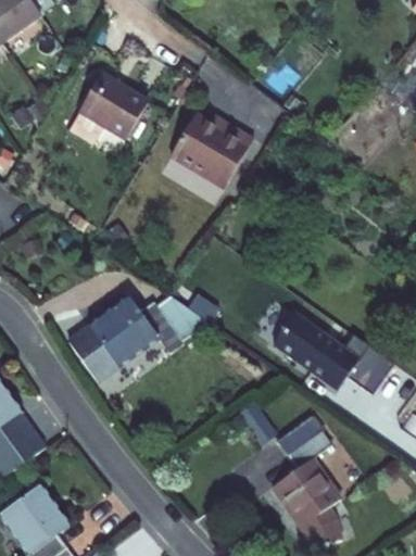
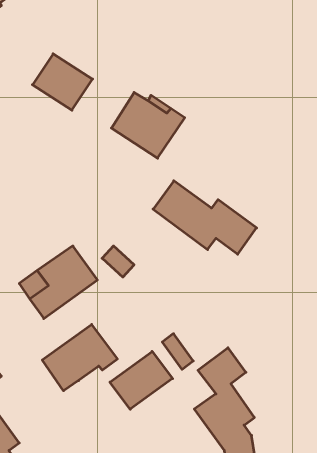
building: [273,311,392,395] -> [153,181,257,254]
building: none -> [42,324,117,391]
building: none -> [110,351,173,409]

